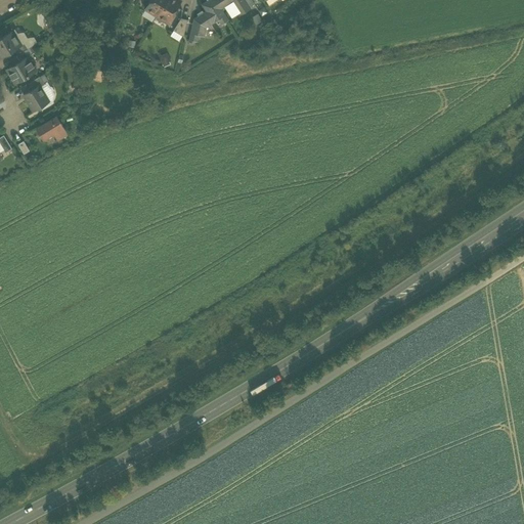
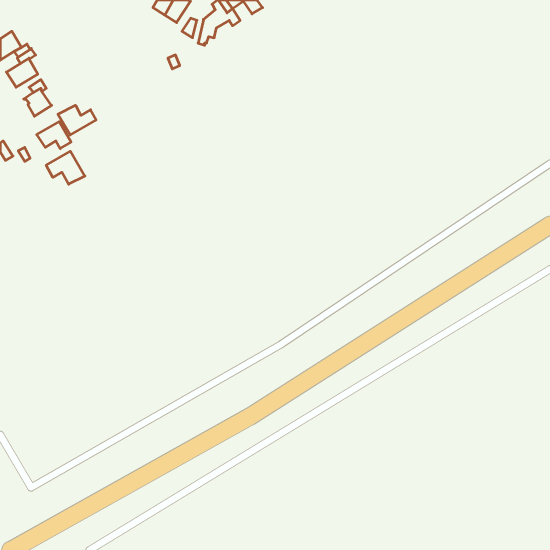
building: none -> [58,105,96,135]
building: none -> [46,151,85,184]

